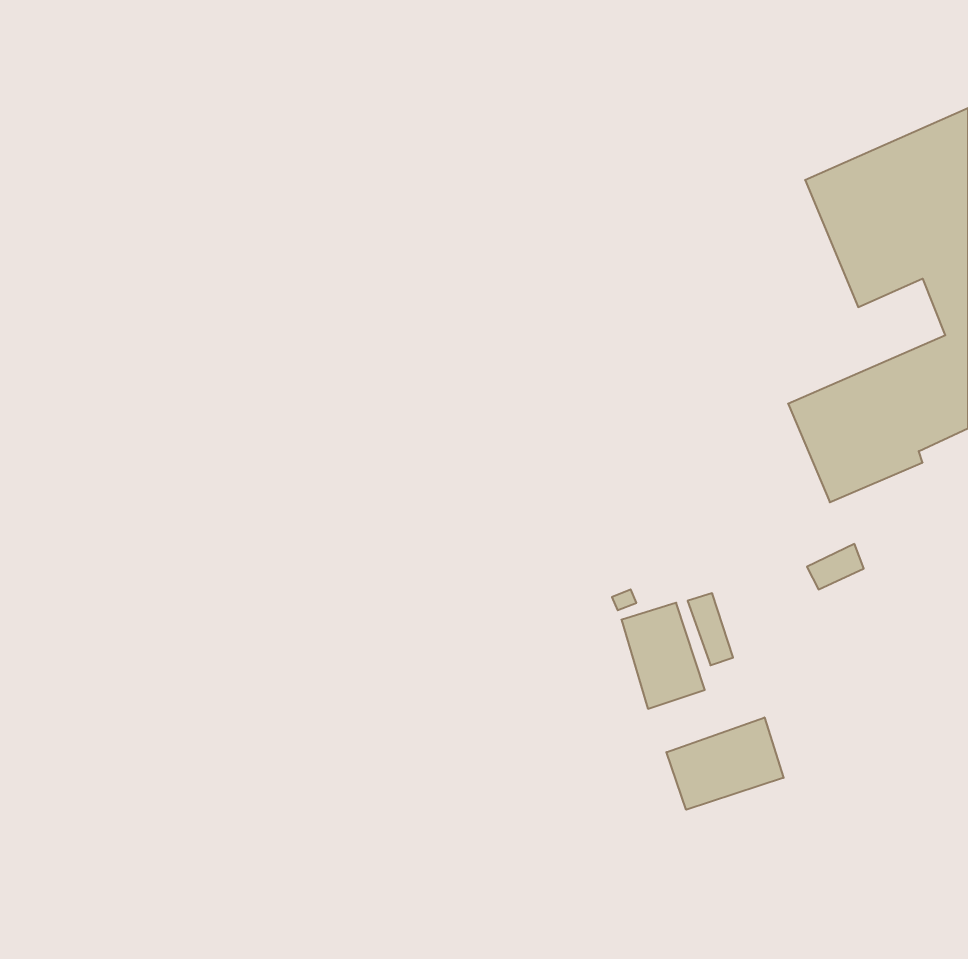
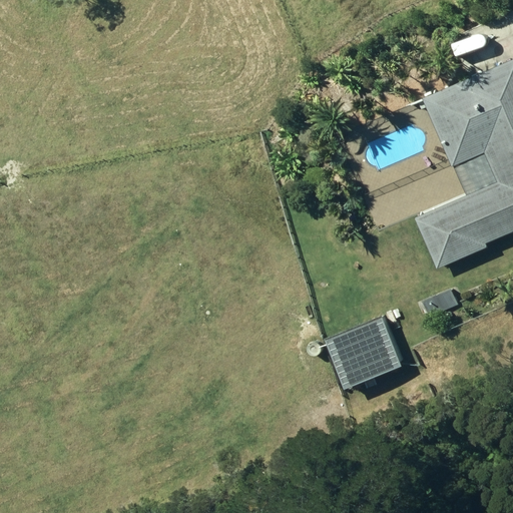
building: [666,717,784,810] -> none

